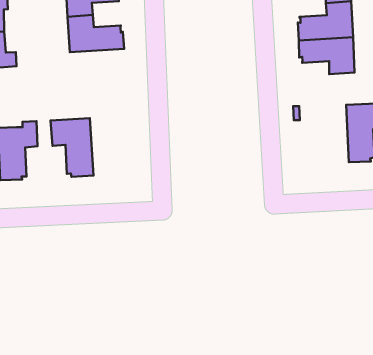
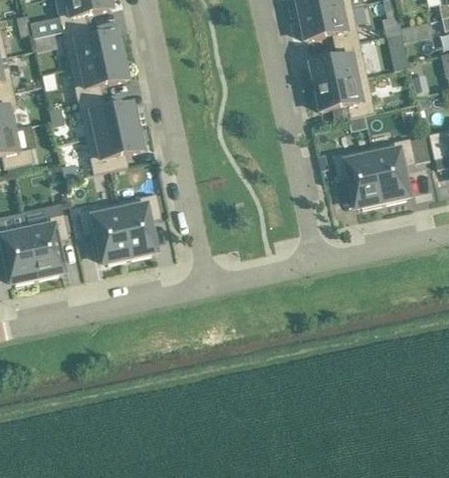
building: none -> [85,126,144,173]
building: none -> [333,146,385,208]
building: none -> [117,193,161,258]

